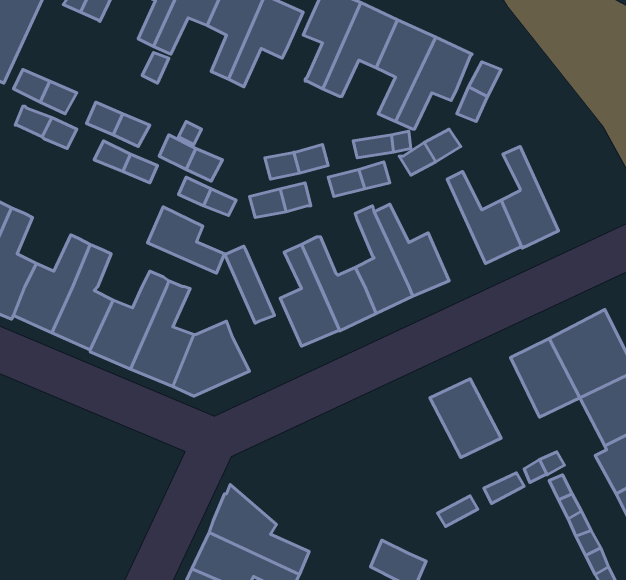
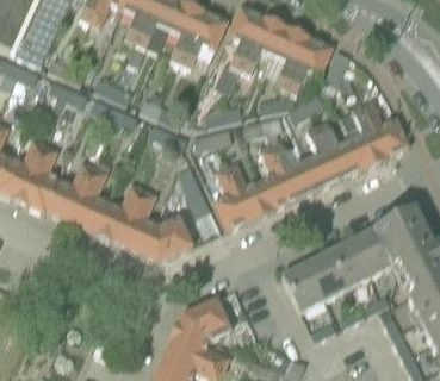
building: none -> [361,101,408,158]
building: none -> [304,126,340,189]
building: [147,207,225,273] -> none
building: none -> [330,237,373,287]
building: none -> [280,262,324,312]
building: none -> [181,298,231,341]

